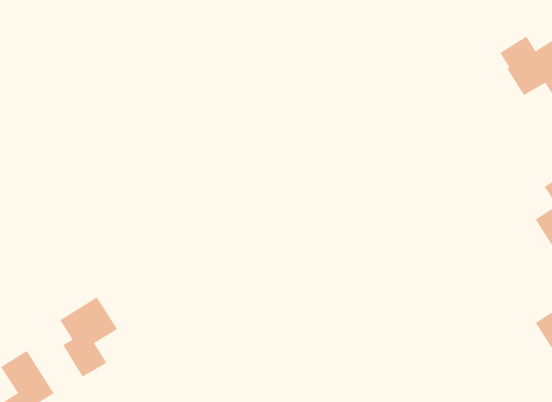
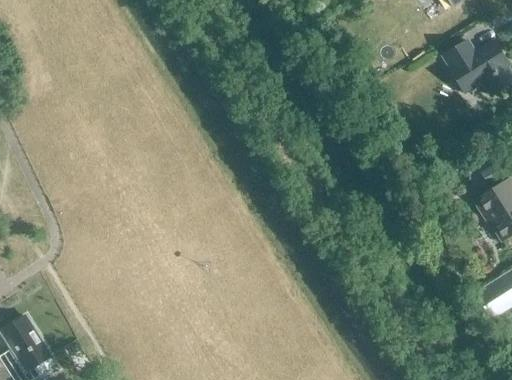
building: [59,296,118,377] -> none

